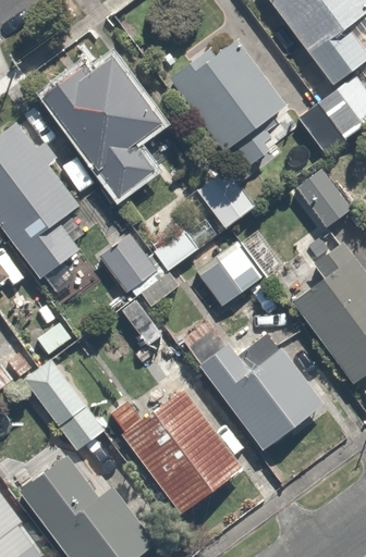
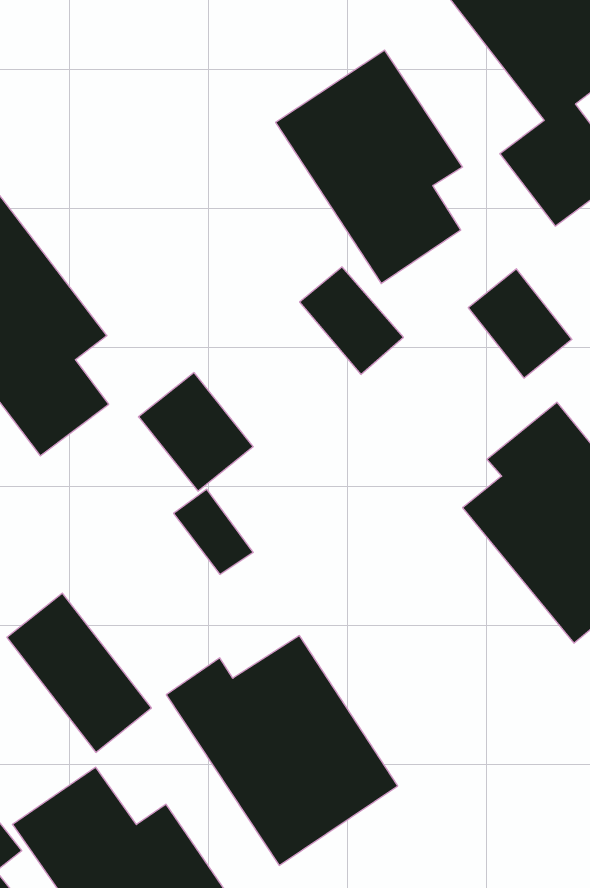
building: [39,47,169,200] -> none
building: [193,239,265,310] -> none
building: [187,327,332,456] -> none

